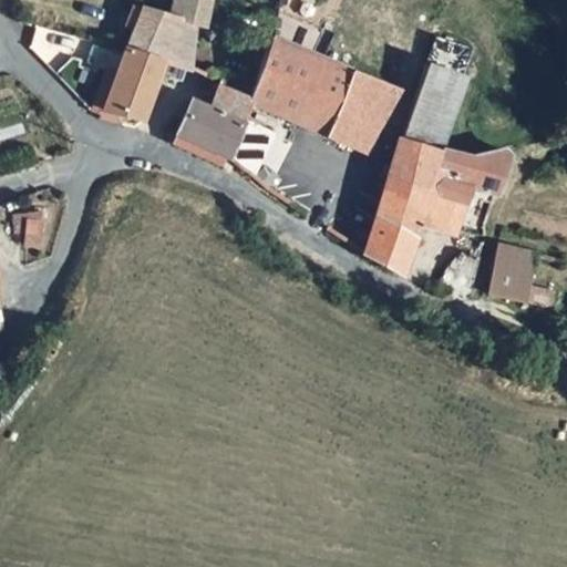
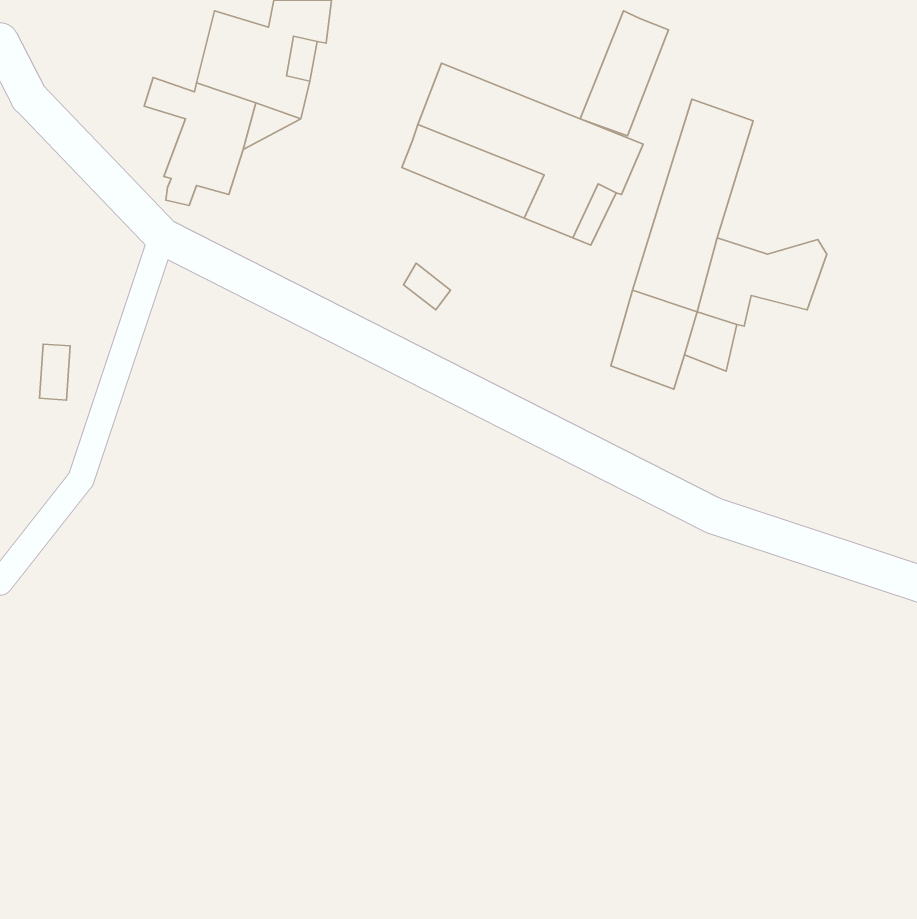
building: none -> [580,11,668,136]
building: [174,90,249,156] -> none
building: [369,226,416,272] -> none
building: [489,244,539,301] -> none

